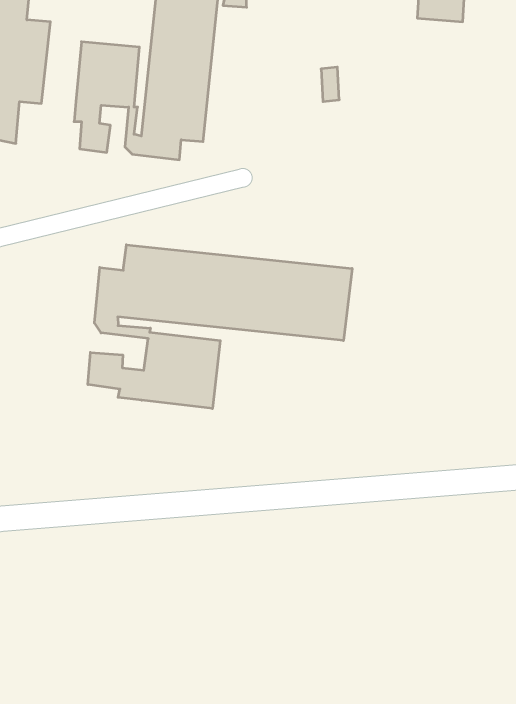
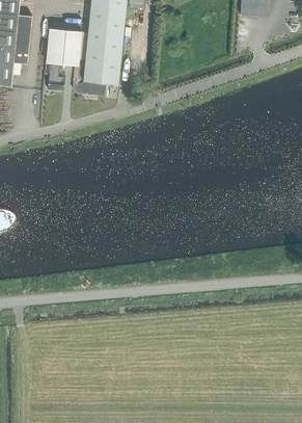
building: [88,245,352,409] -> none

